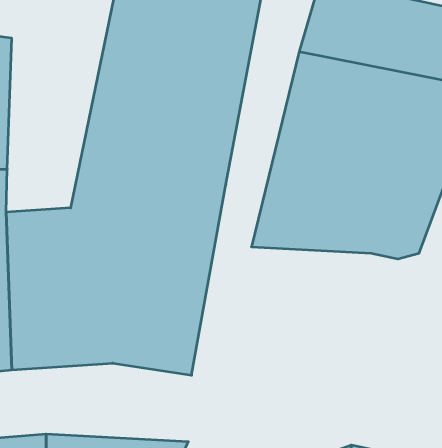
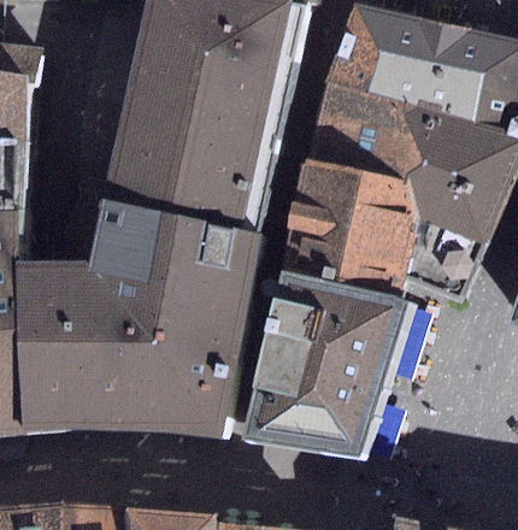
building: none -> [255,299,414,459]

